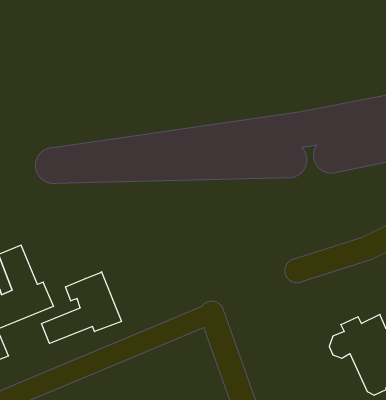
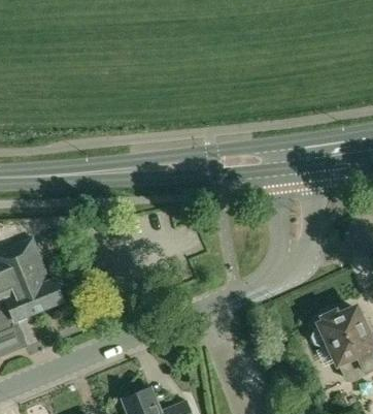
building: [41,272,122,343] -> none

